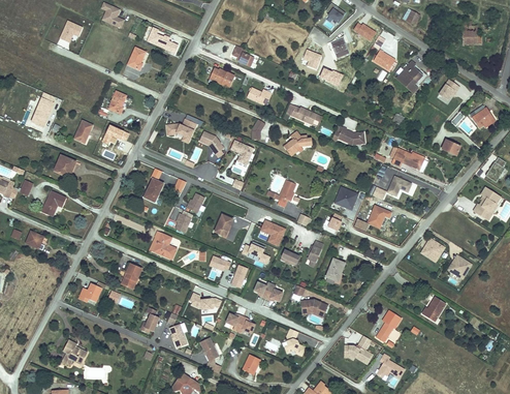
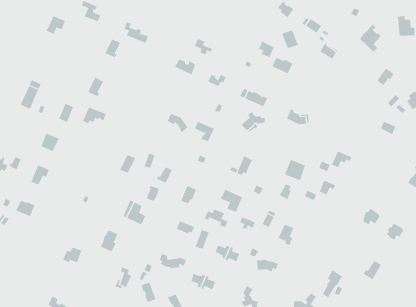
building: [394,62,420,95] -> [359,24,382,52]
building: [164,114,202,143] -> none
building: [393,149,428,171] -> none

